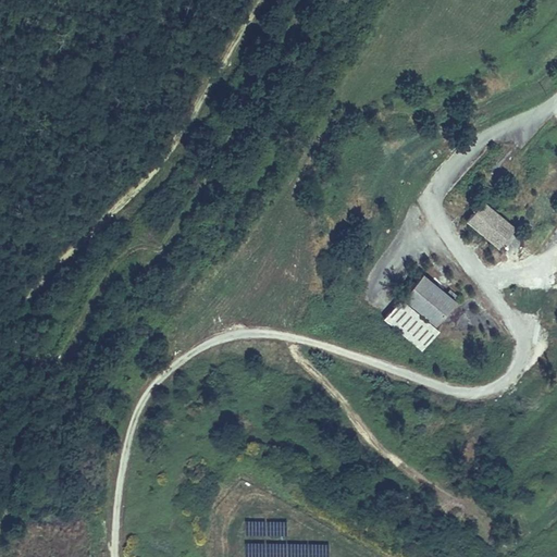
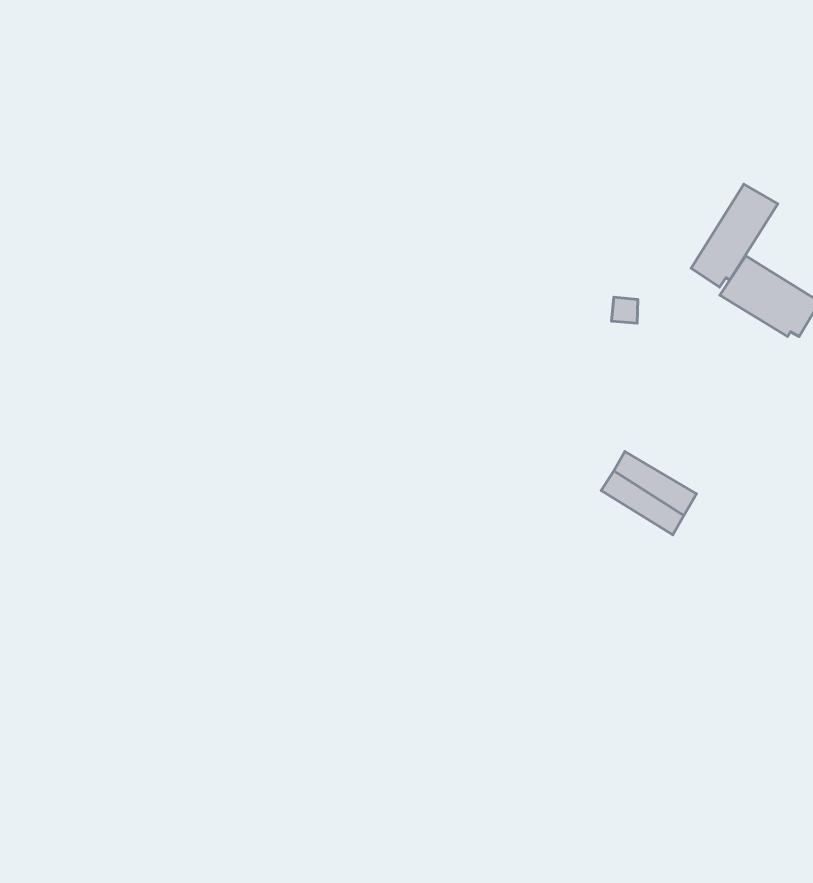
building: none -> [691,184,778,287]
building: [403,273,458,329] -> none

